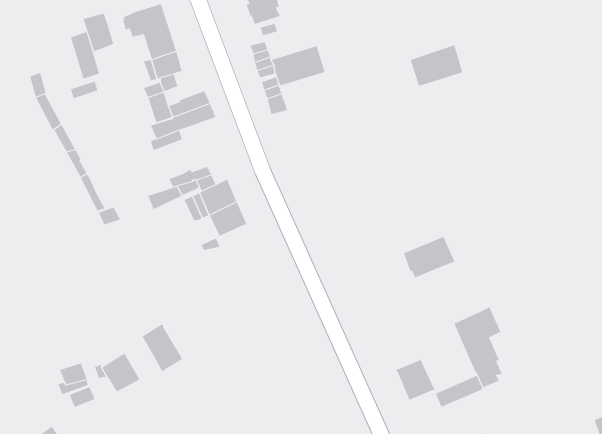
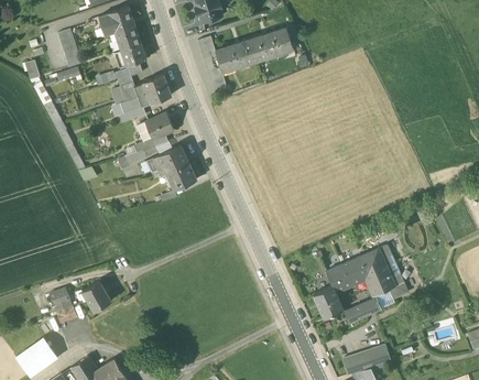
building: [83,12,114,52] -> none
building: [410,45,463,87] -> [251,28,293,61]
building: none -> [137,112,174,141]
building: [403,236,455,278] -> [326,258,367,291]
building: [141,324,183,372] -> none

